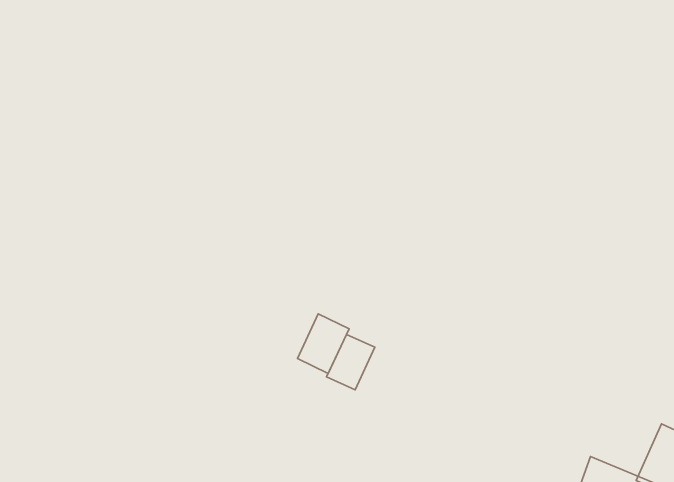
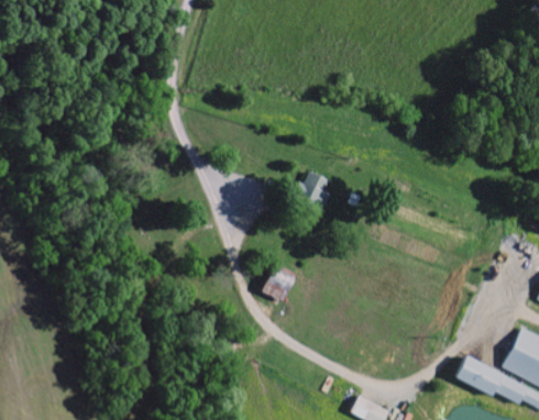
building: none -> [293,169,330,210]
building: [297,314,349,373] -> none

